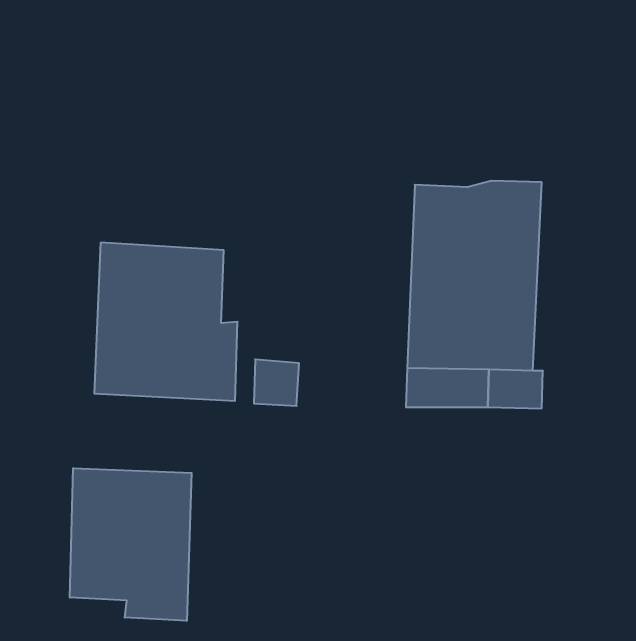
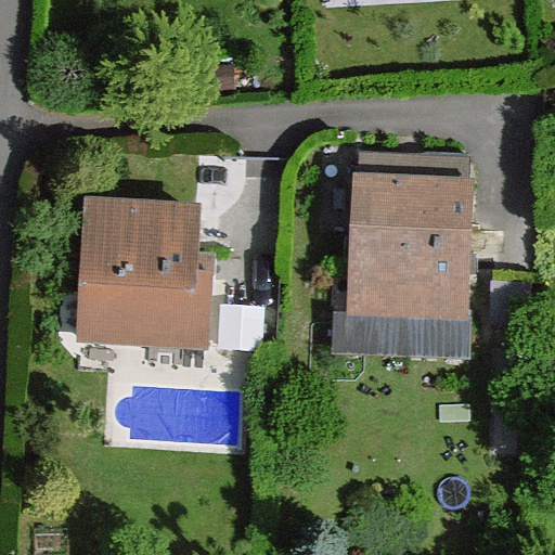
building: [70,468,192,621] -> none

